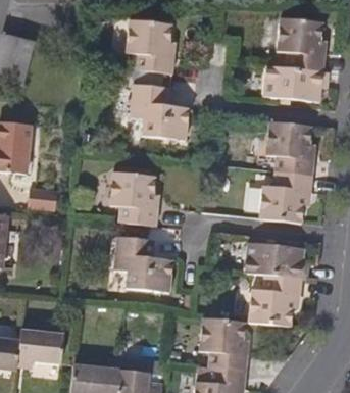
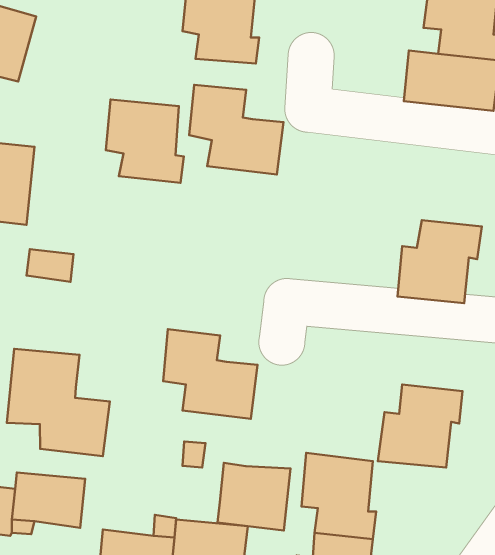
building: [266,121,314,175] -> none
building: [109,174,158,226] -> [106,100,184,183]
building: [245,244,309,279] -> none
building: none -> [7,349,110,456]
building: none -> [217,463,291,530]

